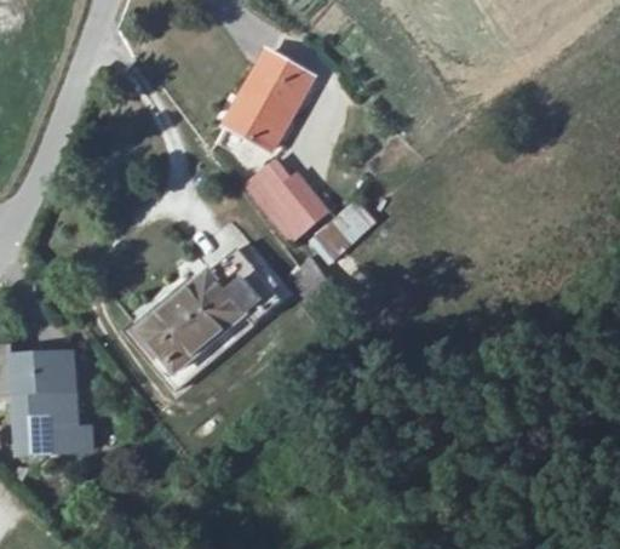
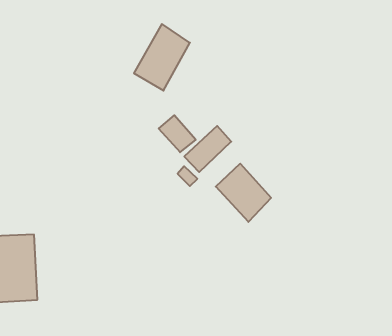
building: [136,248,279,377] -> none
building: none -> [216,164,271,222]

